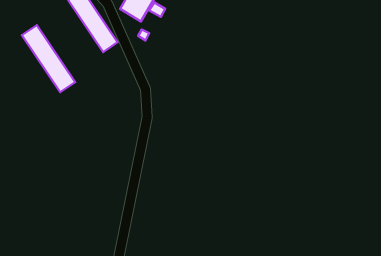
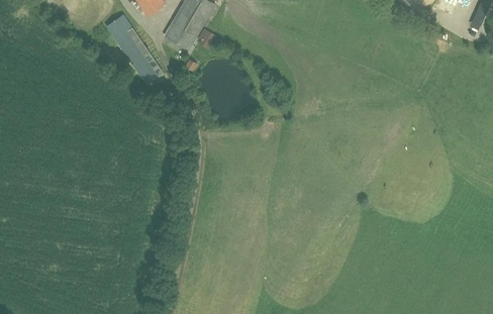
building: [22,25,75,92] -> none

